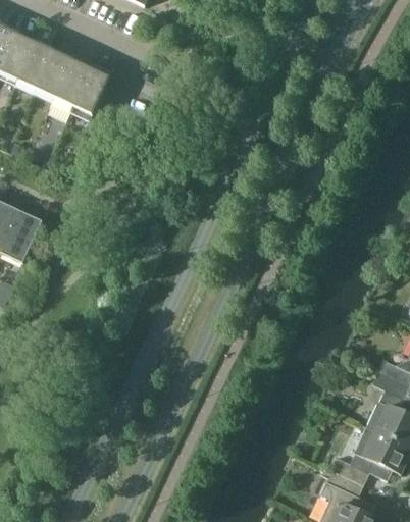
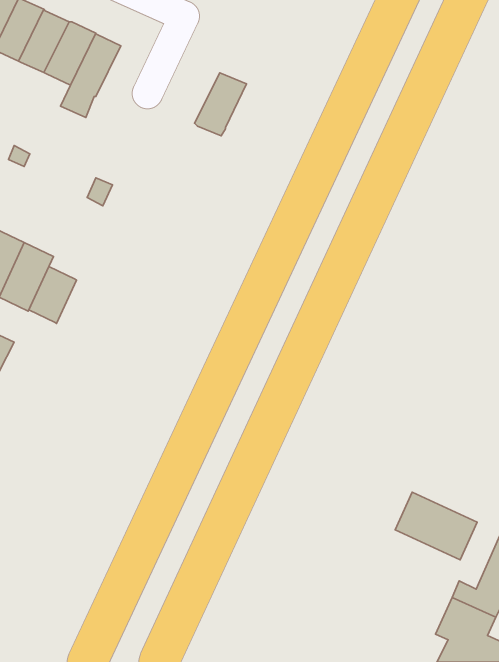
building: [73,68,111,114] -> [195,73,247,136]
building: none -> [29,267,76,323]
building: none -> [395,492,477,560]

